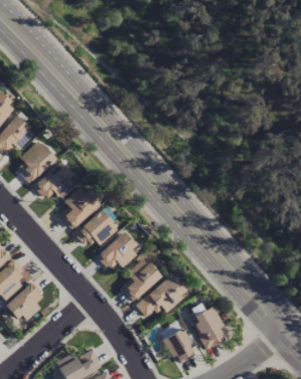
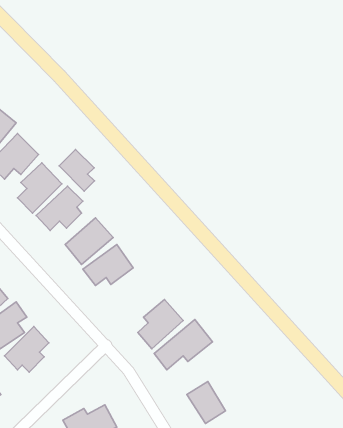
building: none -> [59,150,95,191]
building: [97,231,140,269] -> none
building: [194,307,225,350] -> none

